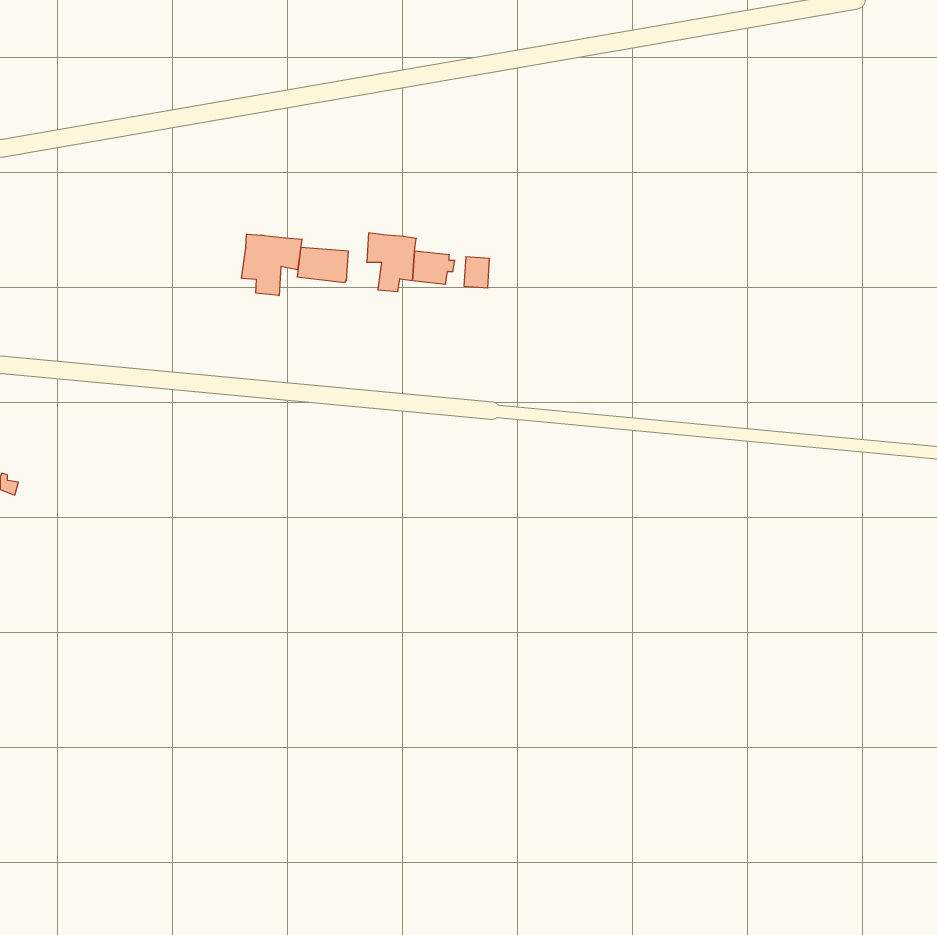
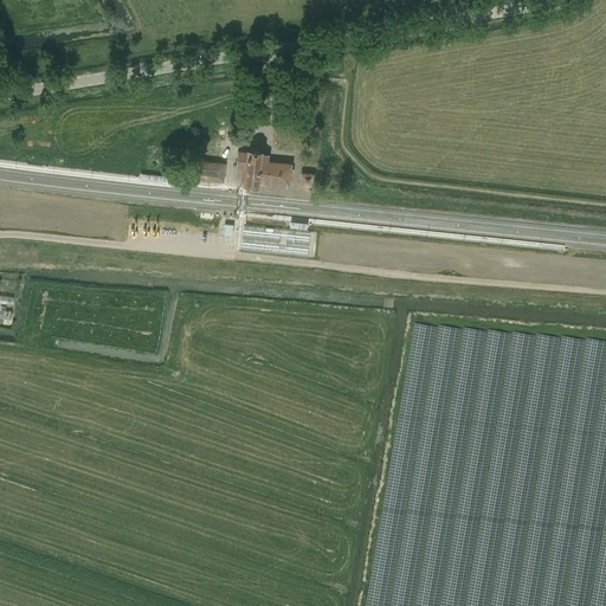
building: [242,234,302,296] -> none

